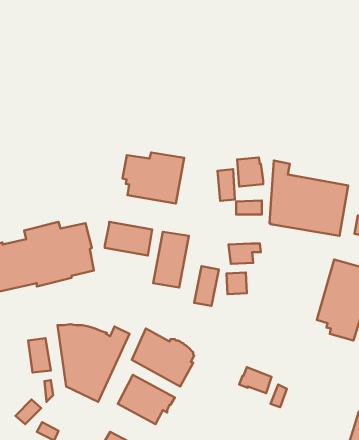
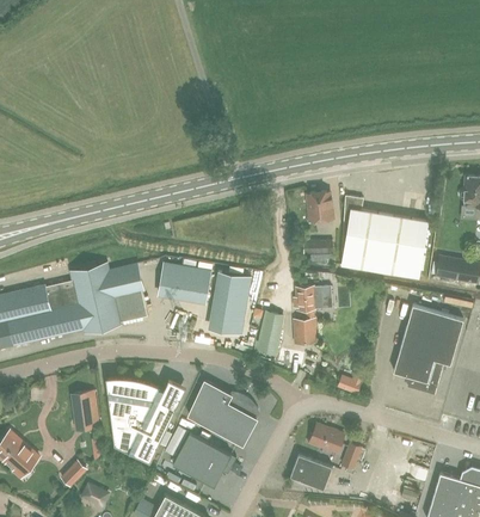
building: [122,152,184,204] -> none
building: [218,169,235,201] -> none
building: none -> [289,454,331,490]

